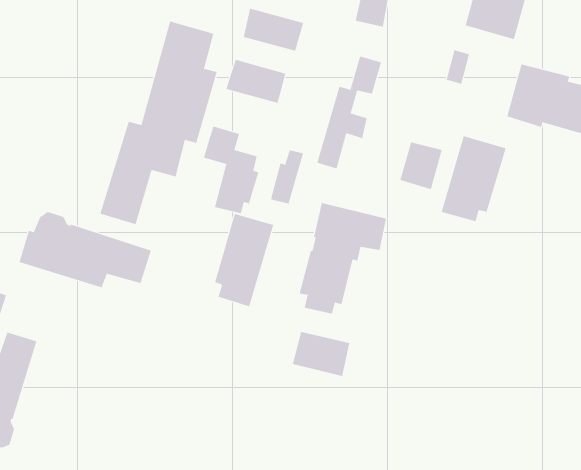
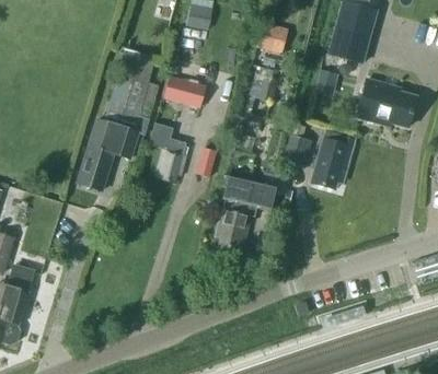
building: [243,8,304,51] -> none
building: [19,211,151,288] -> none
building: [215,213,274,307] -> none
building: [292,331,350,377] -> none

